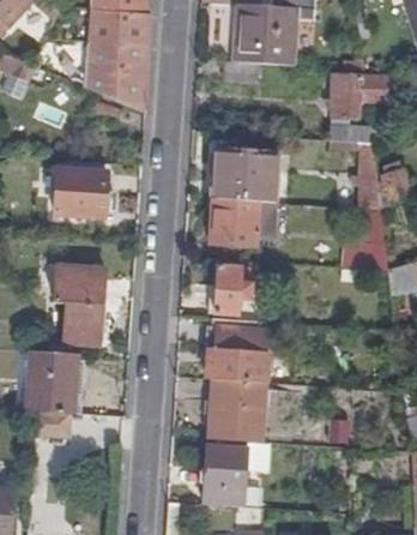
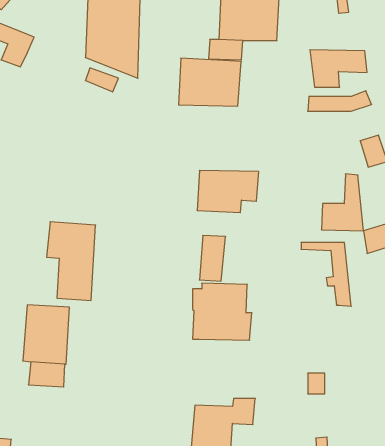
building: [326,143,379,210] -> [301,242,351,306]
building: [212,156,278,206] -> [179,58,241,106]
building: [54,166,108,214] -> none
building: [209,383,265,445] -> none

